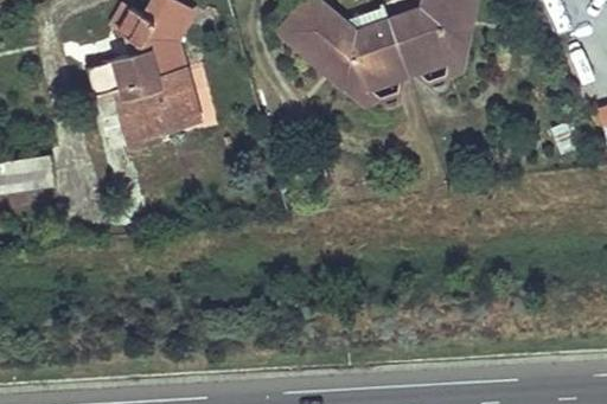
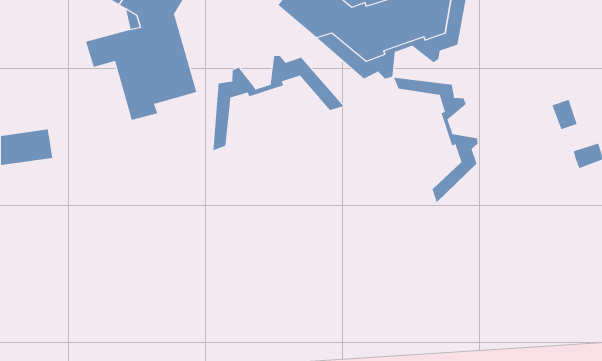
building: none -> [213,55,344,151]
building: none -> [393,77,478,203]

